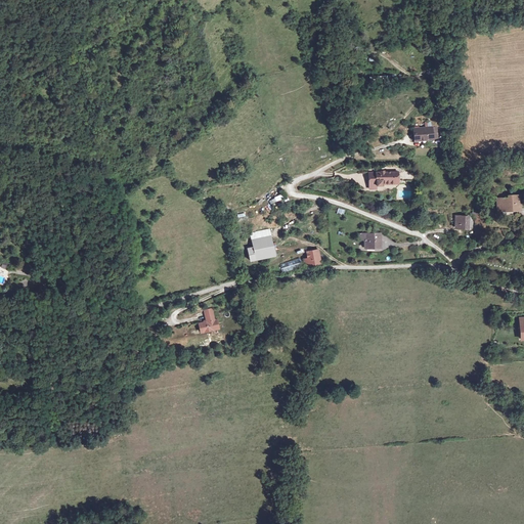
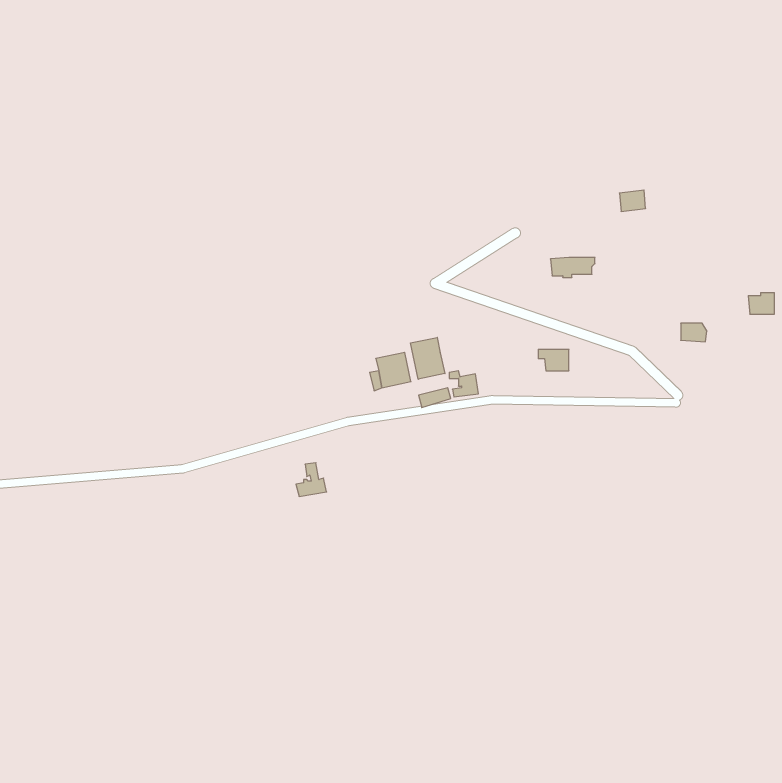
building: none -> [411,337,445,379]

